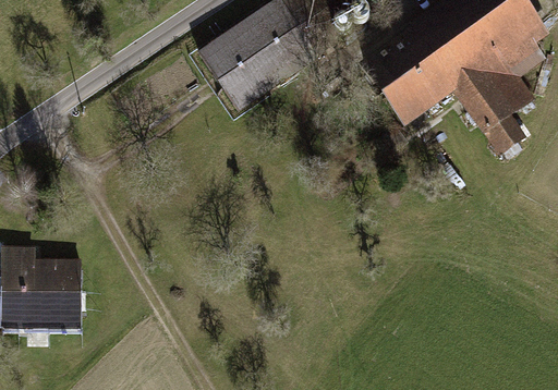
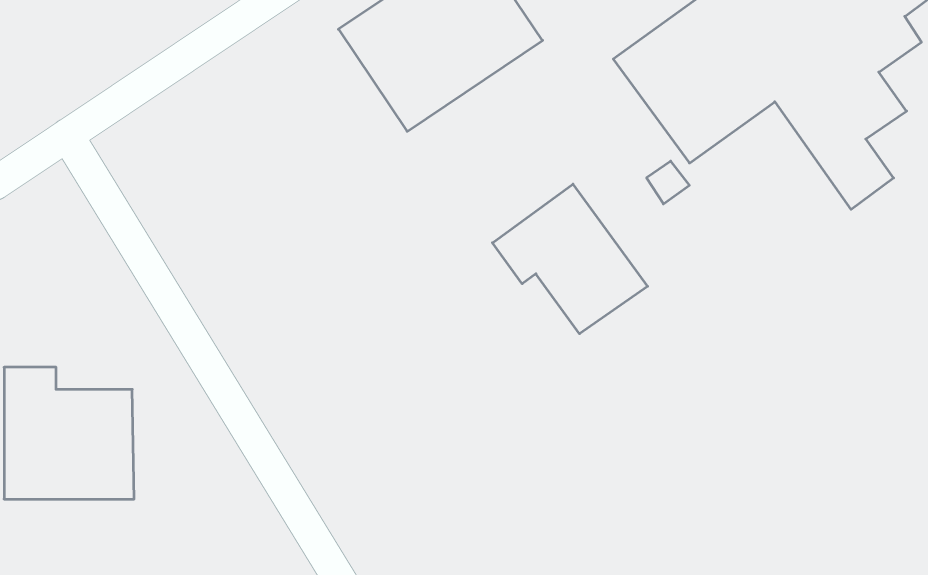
building: none -> [492,184,648,334]

